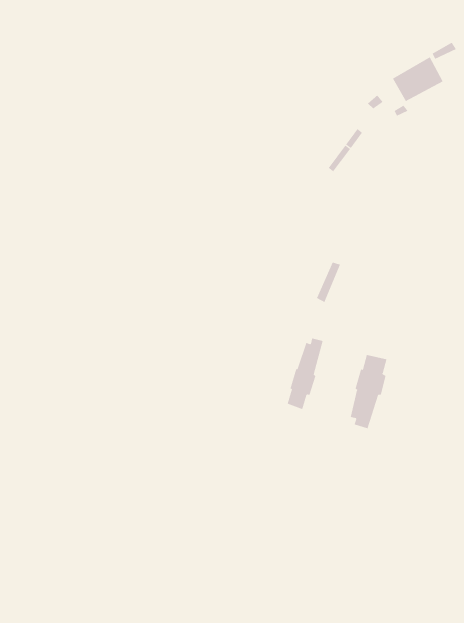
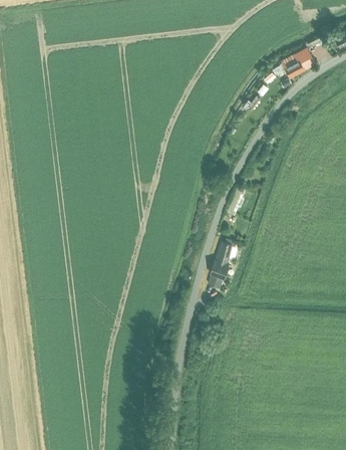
building: [350,354,387,429] -> none

